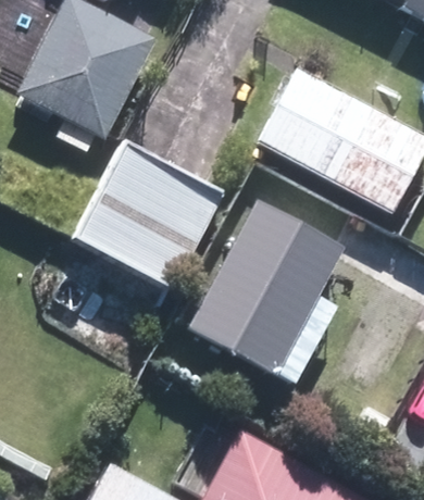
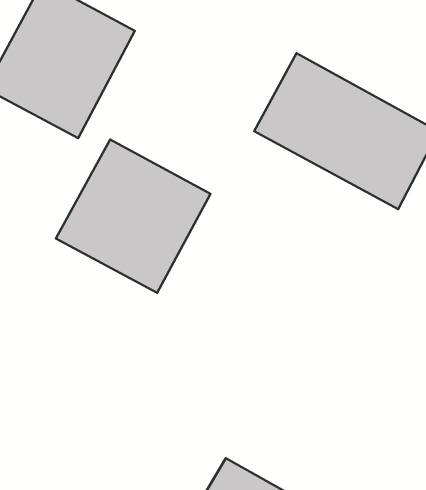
building: [194,199,346,370] -> none

